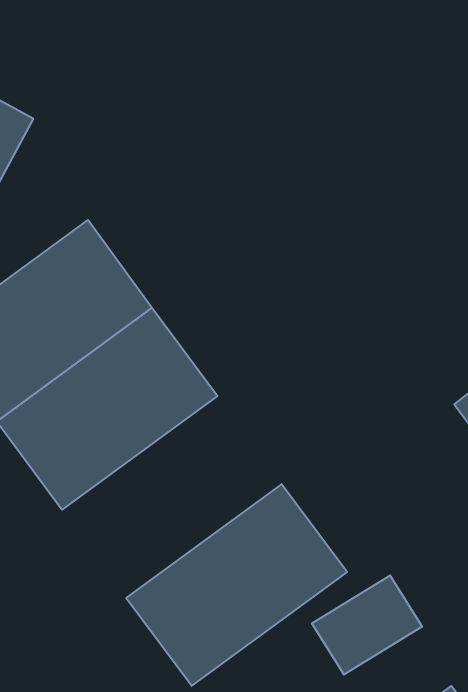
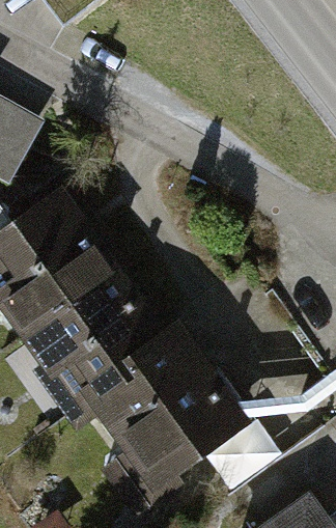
building: none -> [53,303,195,434]

